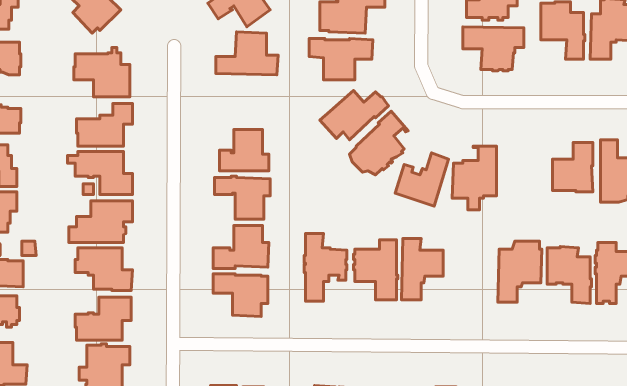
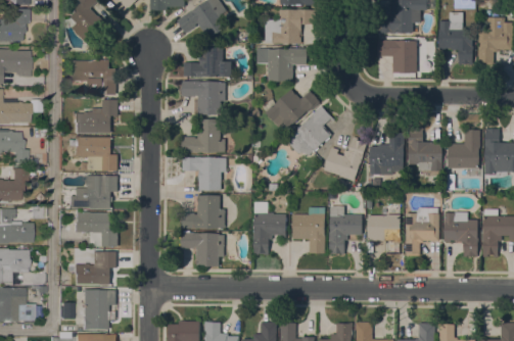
building: none -> [182,81,225,114]
building: none -> [408,127,441,170]
building: none -> [368,214,401,255]

